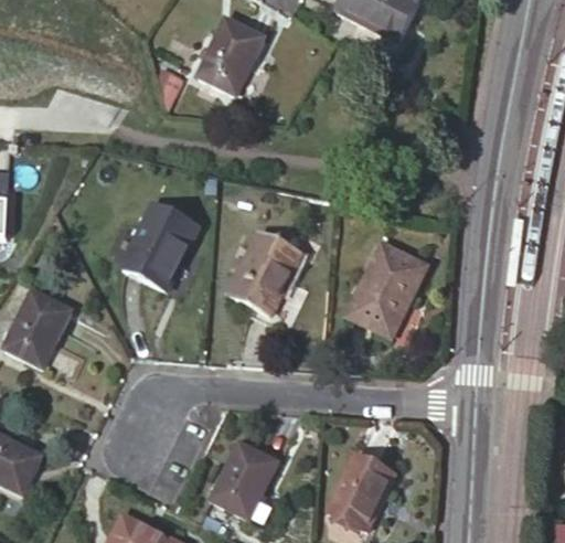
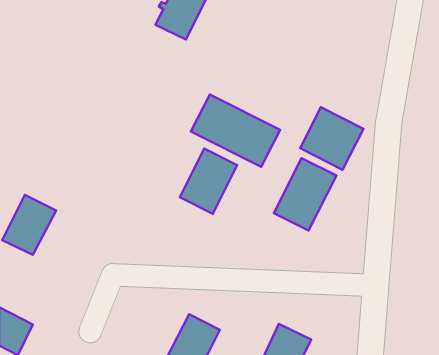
building: none -> [191,95,280,167]
building: none -> [300,107,363,170]
building: [122,203,200,289] -> none

